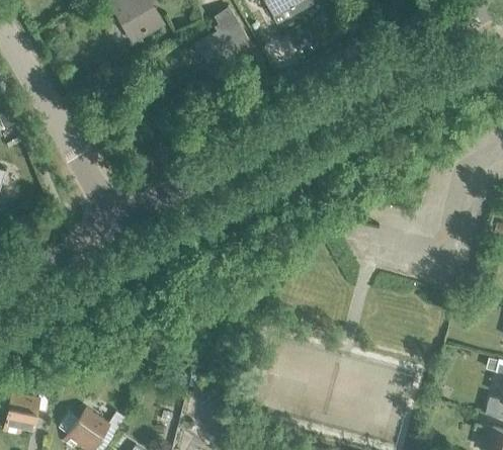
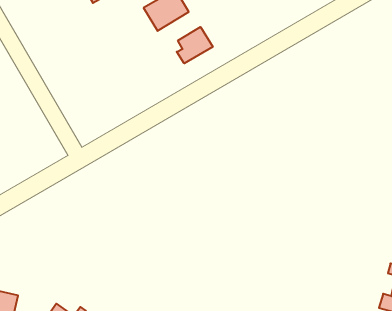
building: none -> [177,27,213,63]

